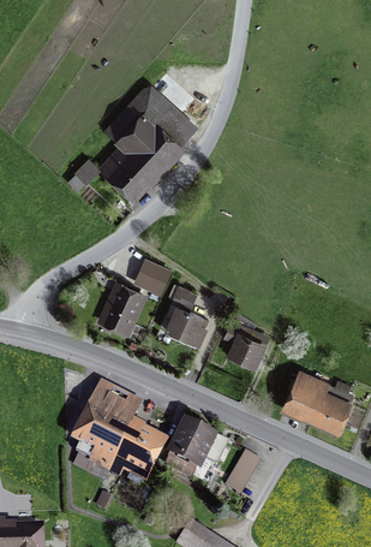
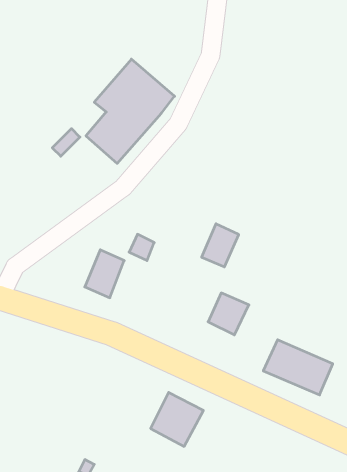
building: [166,293,203,337] -> [202,224,239,267]
building: [77,385,162,482] -> none
building: [223,452,257,493] -> none

